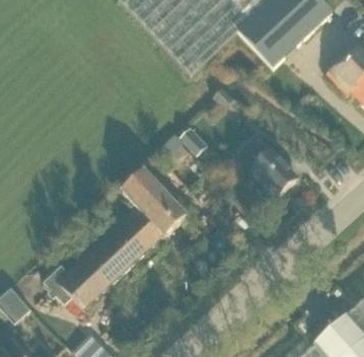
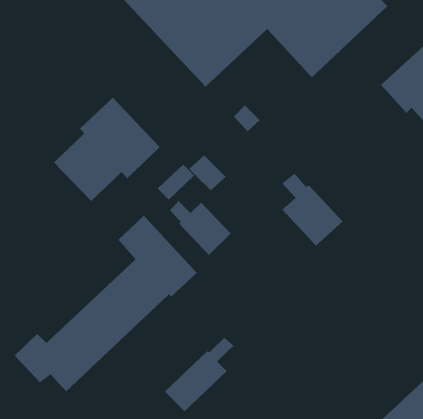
building: none -> [53,97,161,202]
building: none -> [169,200,231,256]
building: none -> [164,337,235,412]

